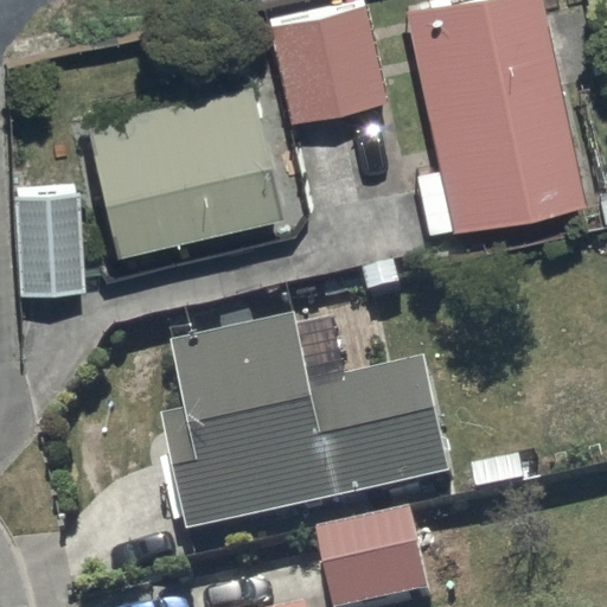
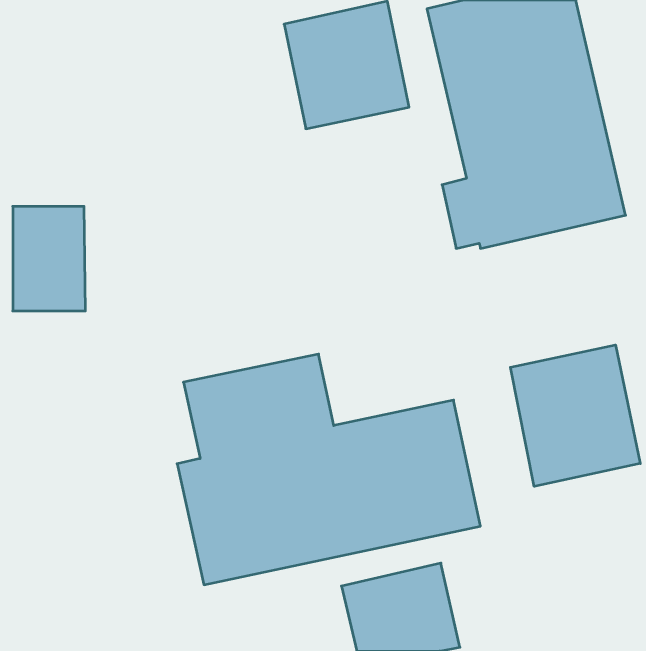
building: [85,84,279,251] -> none
building: none -> [510,345,640,486]

